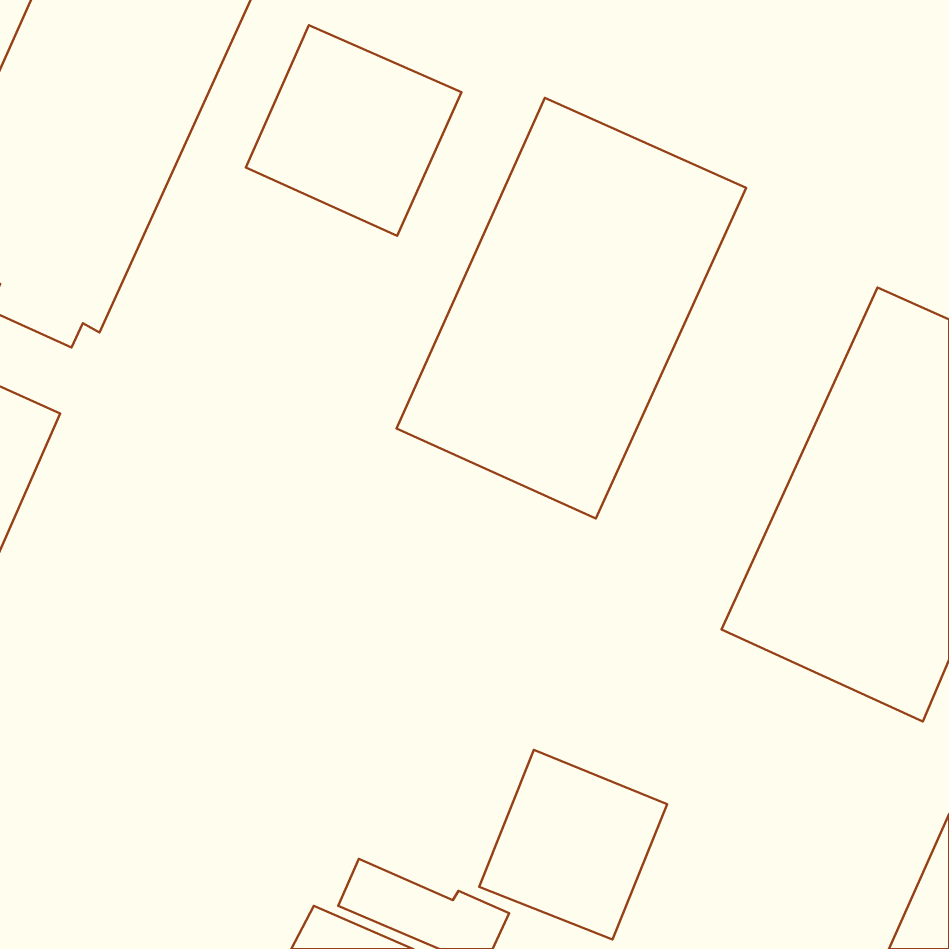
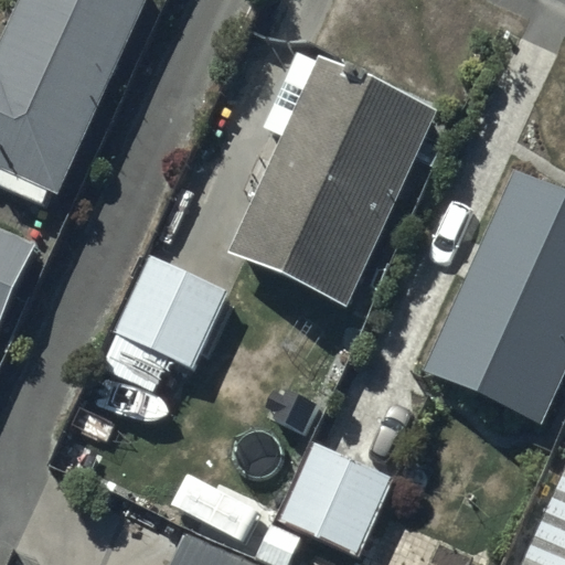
building: [246,25,462,236] -> none
building: none -> [113,253,232,369]

